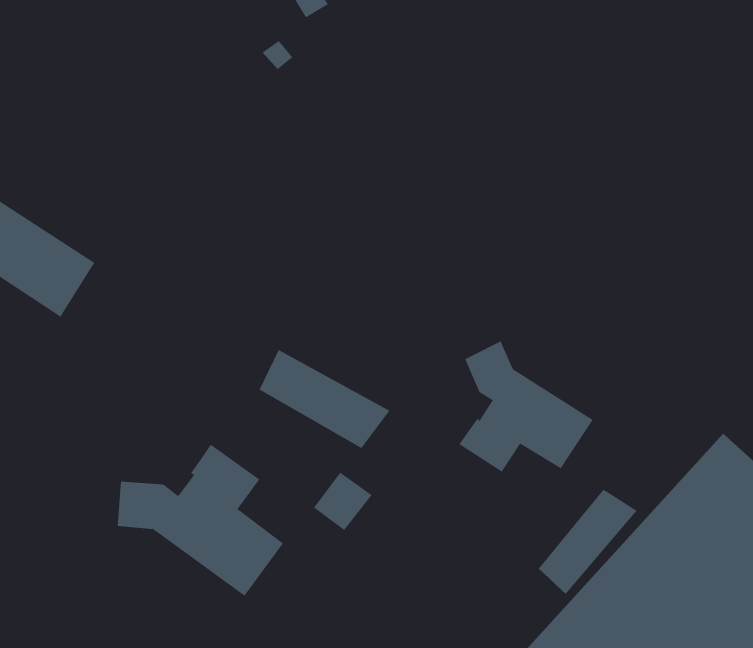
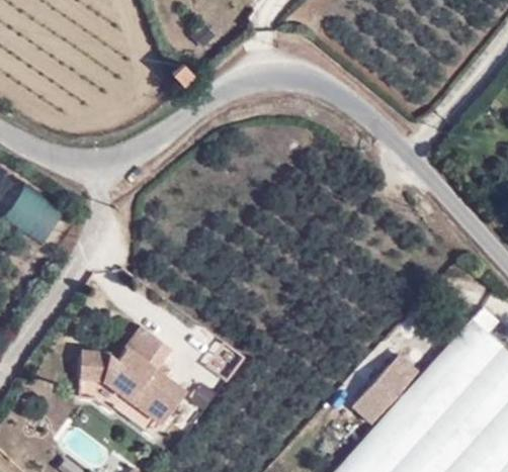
building: [459,341,594,472] -> none
building: [259,349,390,449] -> none

